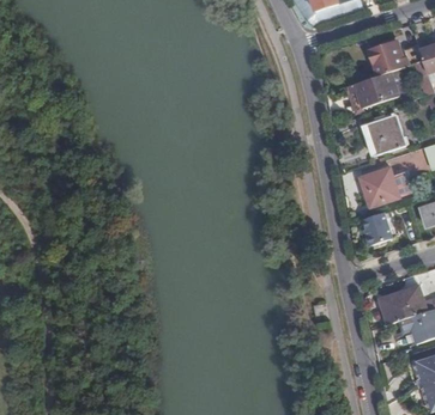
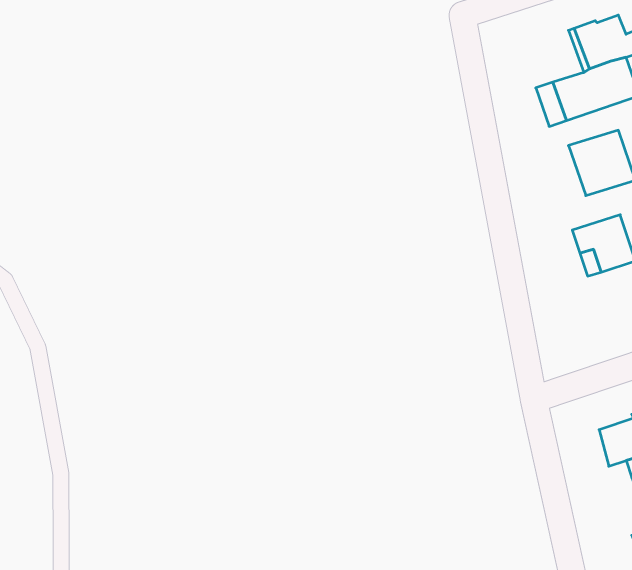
building: [358,213,388,244] -> none

